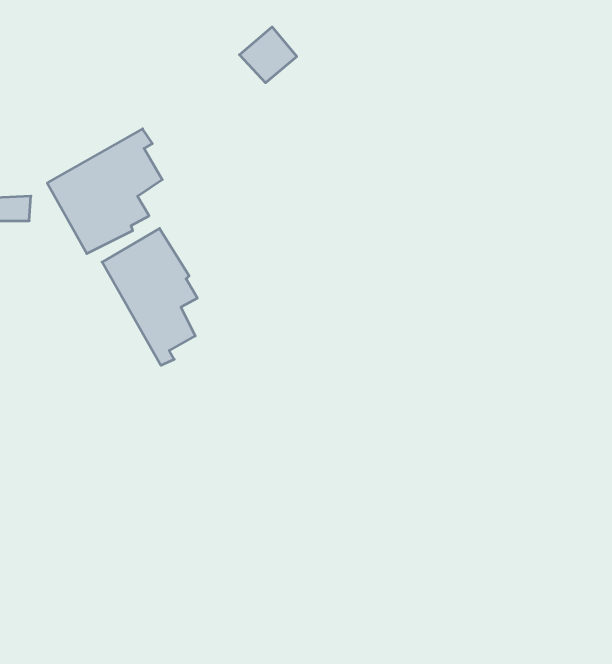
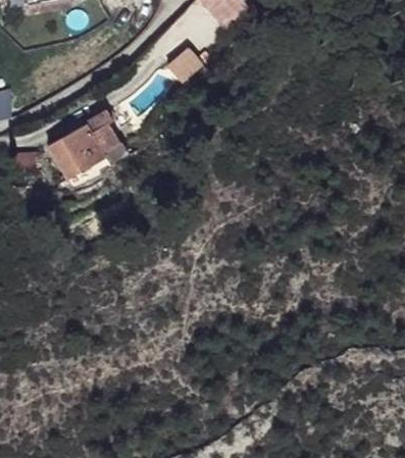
building: [102,228,197,365] -> none

